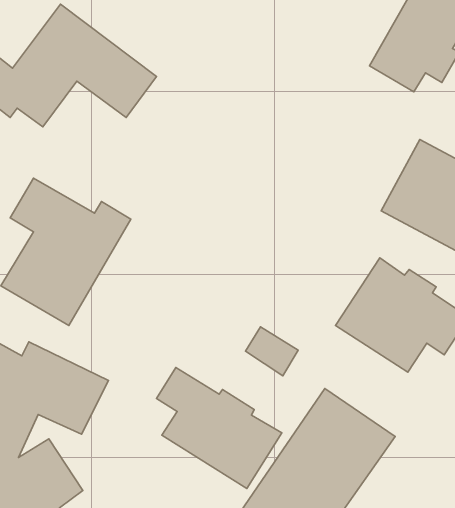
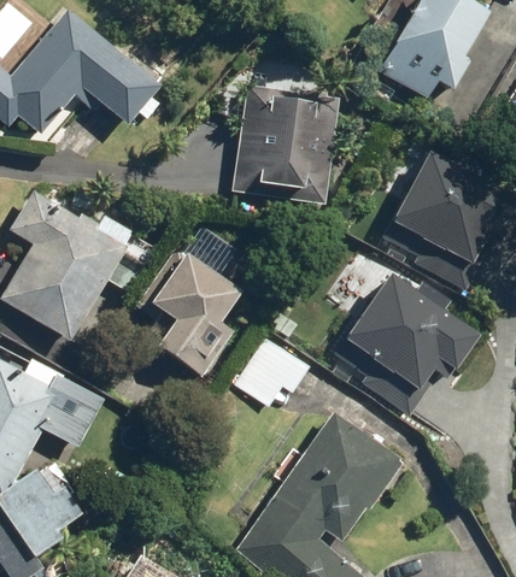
building: none -> [233,86,327,199]
building: none -> [149,226,246,376]
building: [156,368,282,489] -> none

